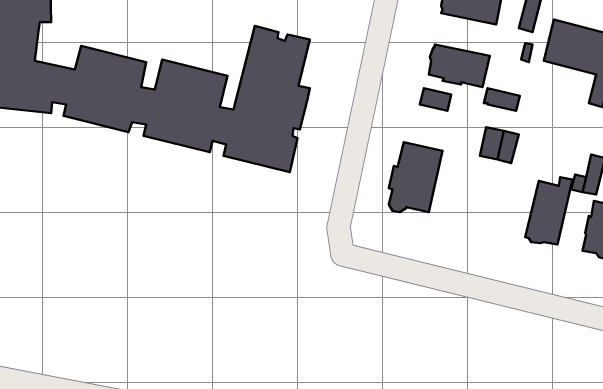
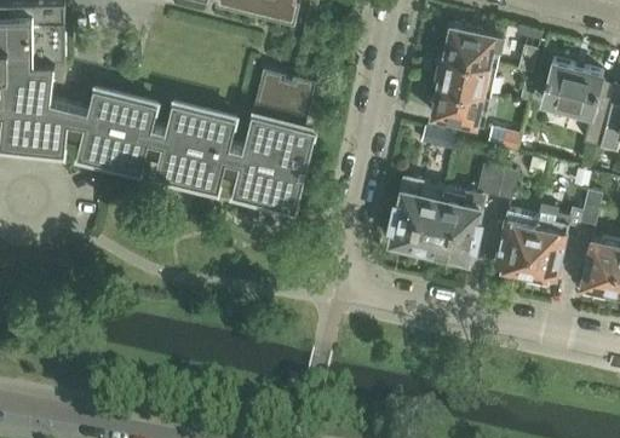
building: none -> [432,53,495,94]
building: none -> [430,186,481,260]
building: none -> [494,208,536,272]

